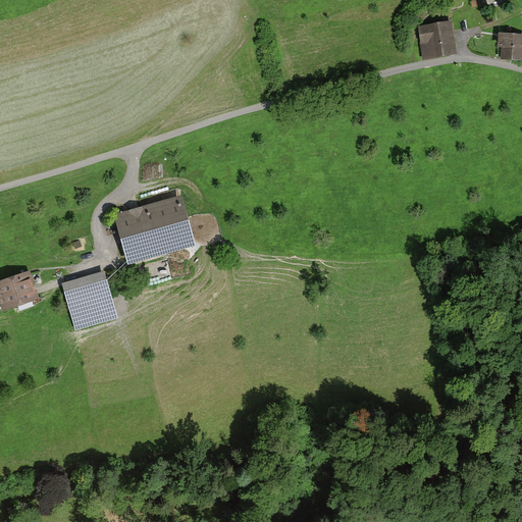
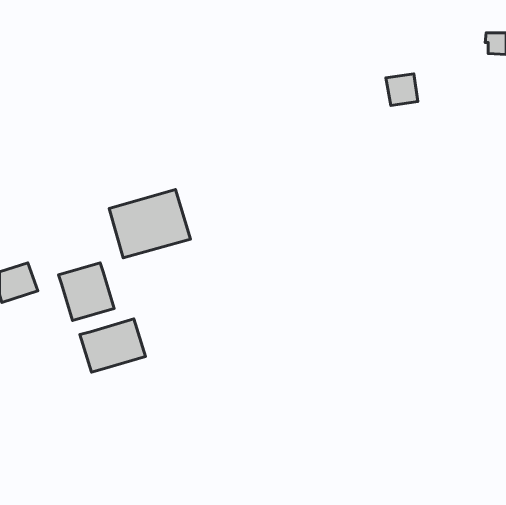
building: [420,21,453,54] -> [386,74,418,106]
building: none -> [80,319,145,372]

